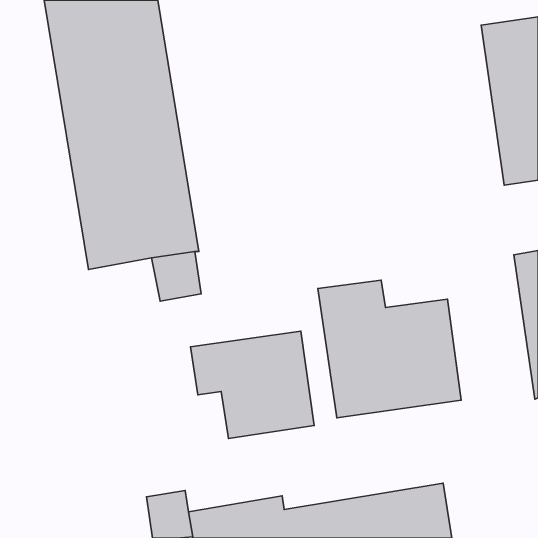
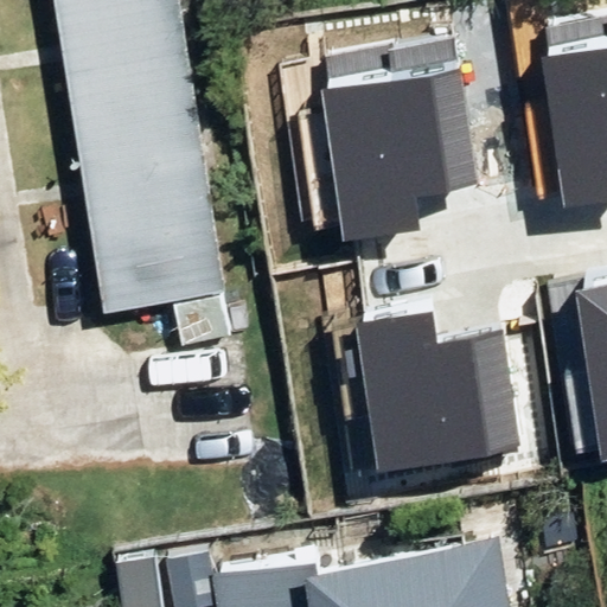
building: none -> [319,39,474,237]
building: [191,331,314,439] -> none

